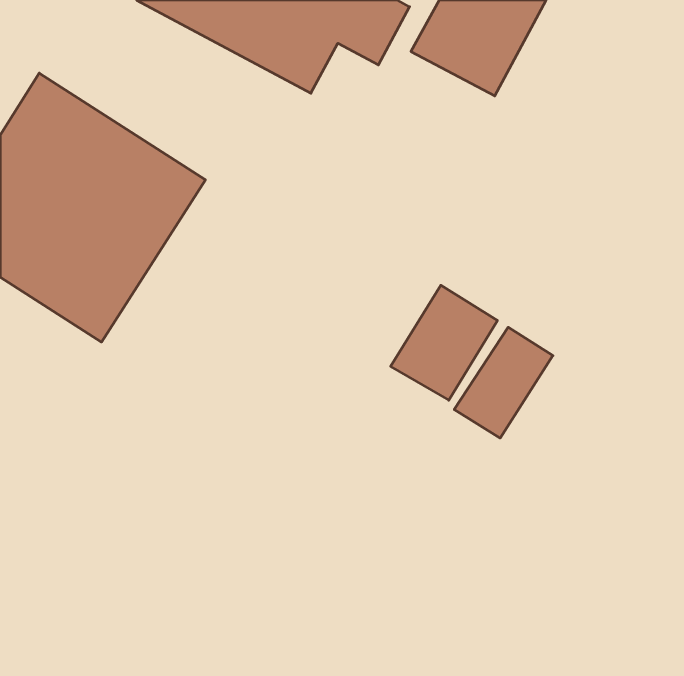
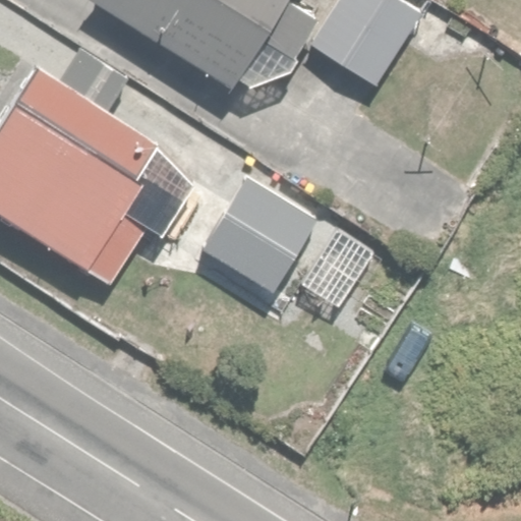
building: none -> [199,177,316,298]

